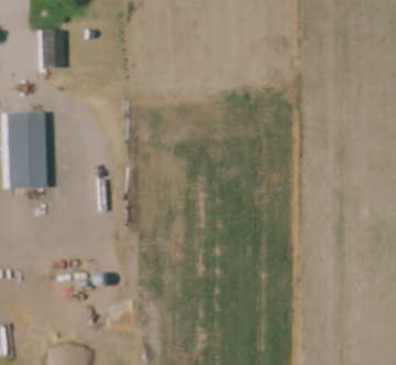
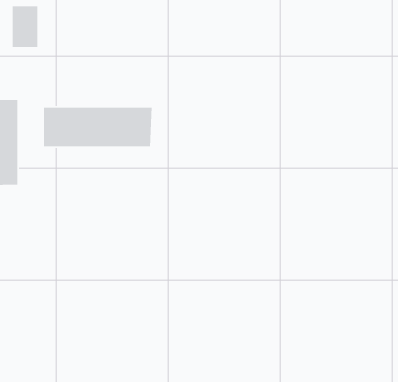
building: none -> [43,107,152,147]

